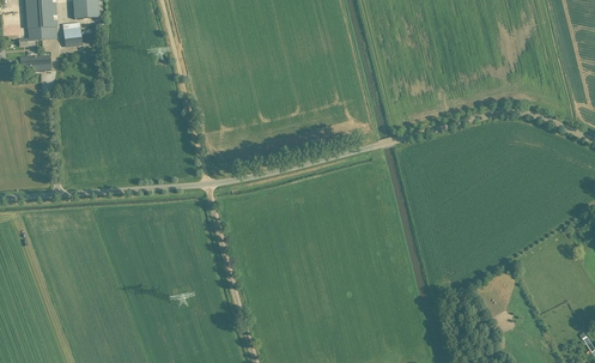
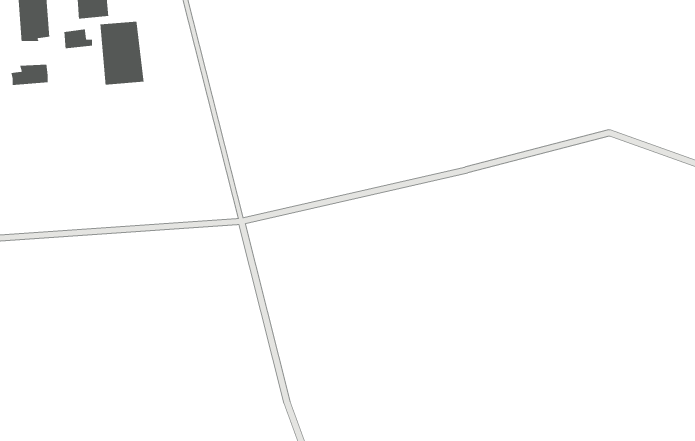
building: none -> [99,21,145,85]

